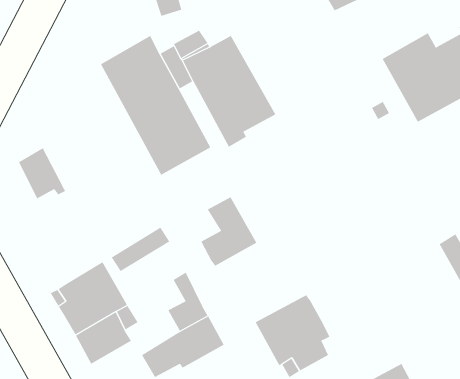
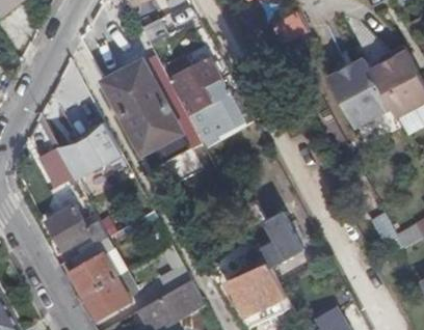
building: none -> [58,119,122,178]
building: [200,196,257,267] -> [258,211,302,266]
building: none -> [45,203,107,253]

